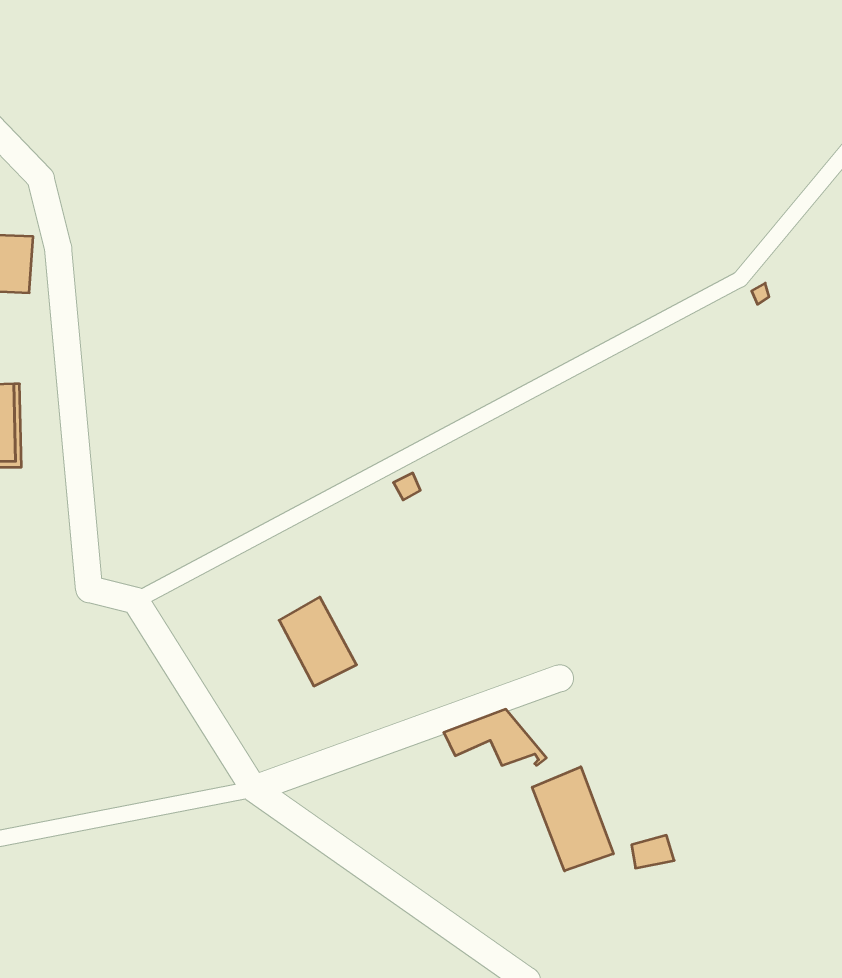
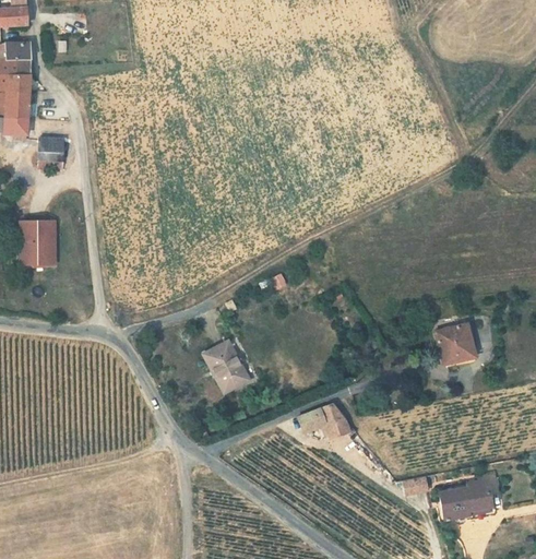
building: none -> [434,322,468,360]
building: [532,767,613,871] -> none
building: none -> [438,479,489,519]

